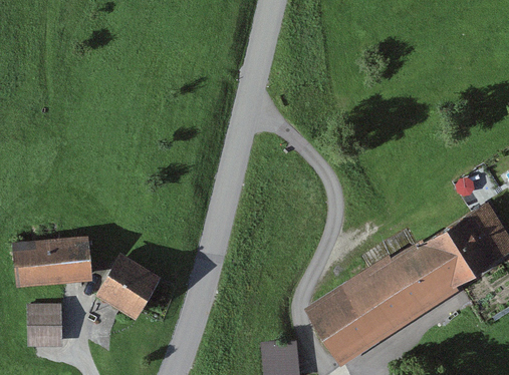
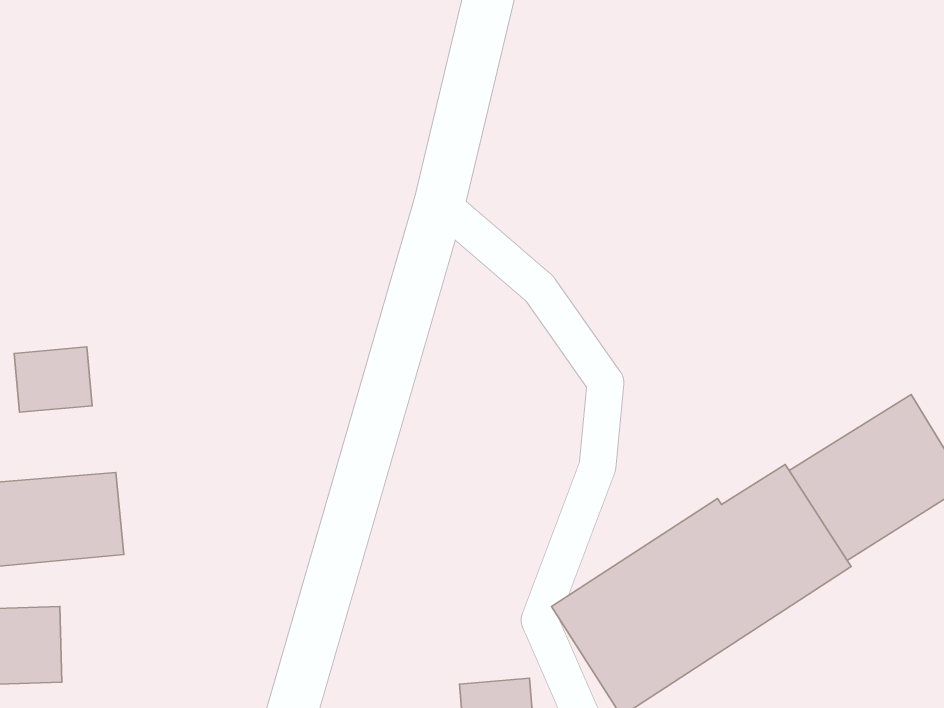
building: none -> [14,347,92,412]
building: [96,253,160,318] -> none

